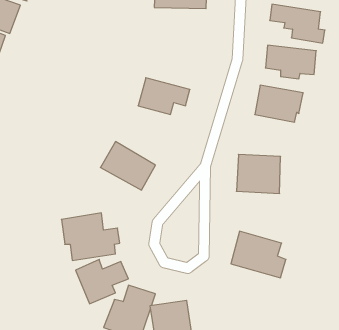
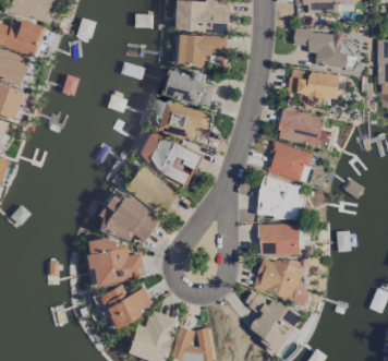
building: none -> [179,34,227,64]
building: none -> [166,70,214,104]
building: none -> [146,136,202,183]
building: none -> [267,142,315,182]
building: none -> [95,194,158,244]
building: none -> [260,224,301,254]
building: none -> [244,287,302,350]

